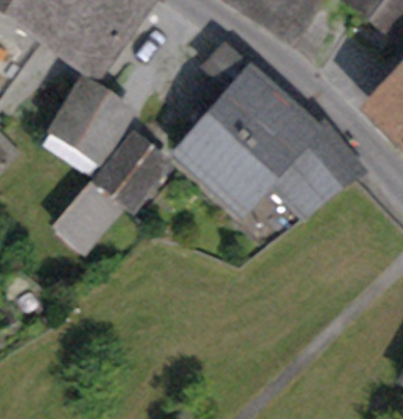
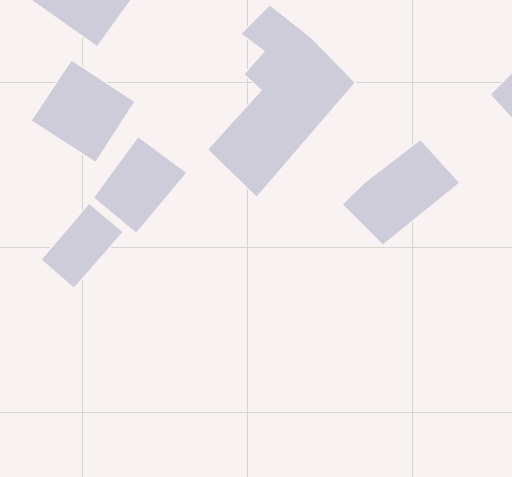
building: [211,100,328,207] -> none

